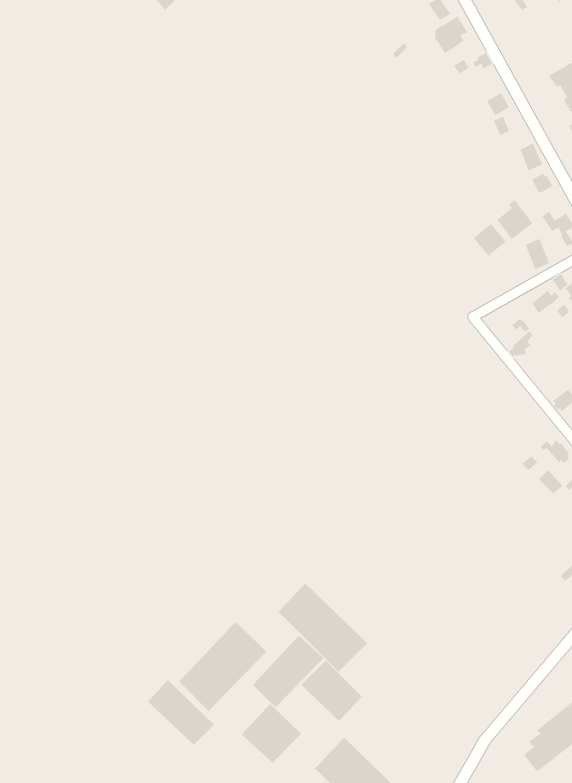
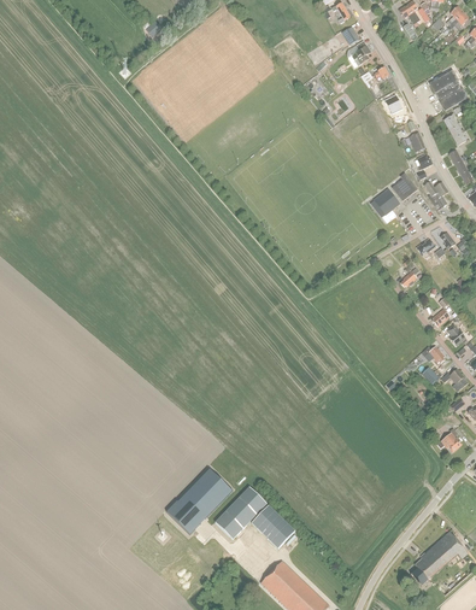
building: [278,583,368,673] -> none
building: [147,679,215,746] -> none
building: [241,703,302,764] -> none

